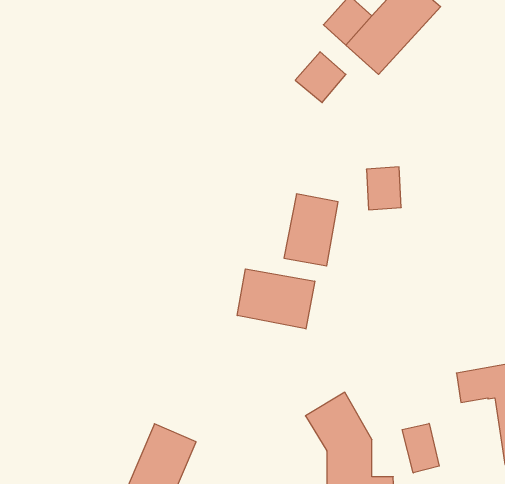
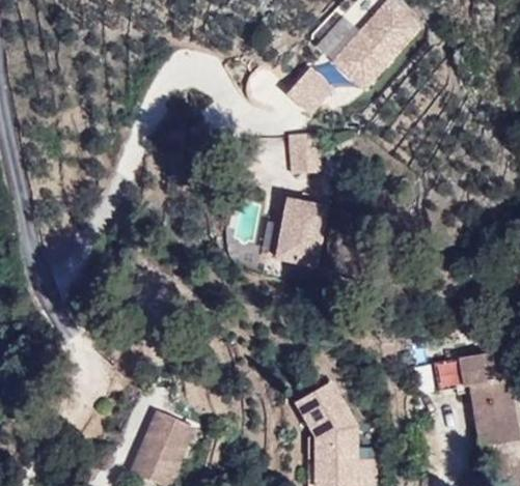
building: [366,167,401,210] -> [289,133,321,172]
building: [237,269,315,329] -> none
building: [402,423,439,473] -> none

